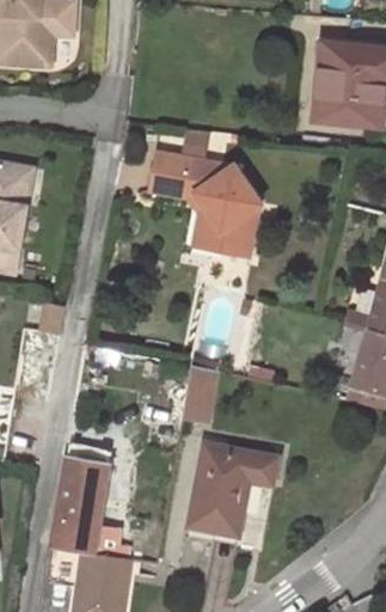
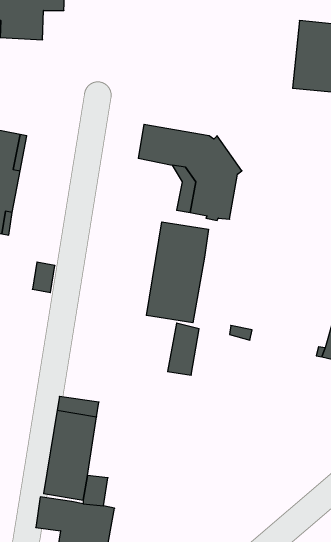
building: none -> [146,222,208,323]
building: [190,445,277,534] -> none

